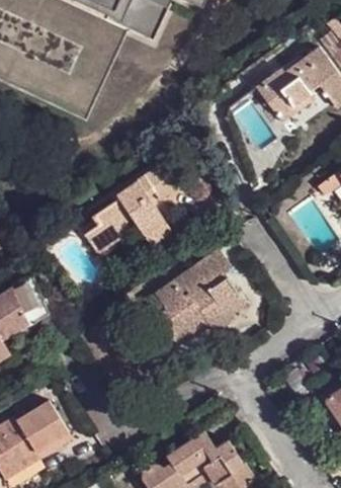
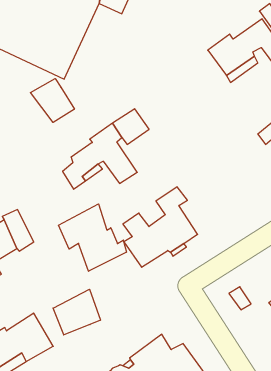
building: none -> [30,79,74,122]
building: none -> [59,204,126,271]
building: none -> [53,289,100,335]

